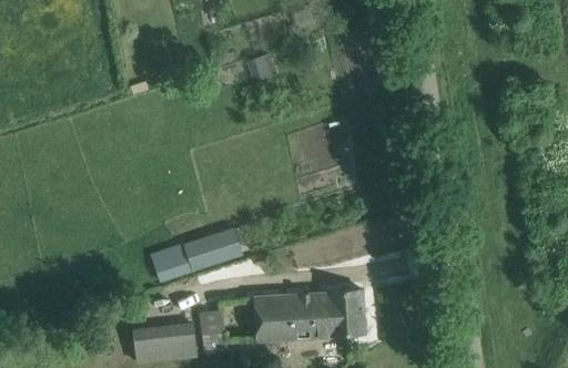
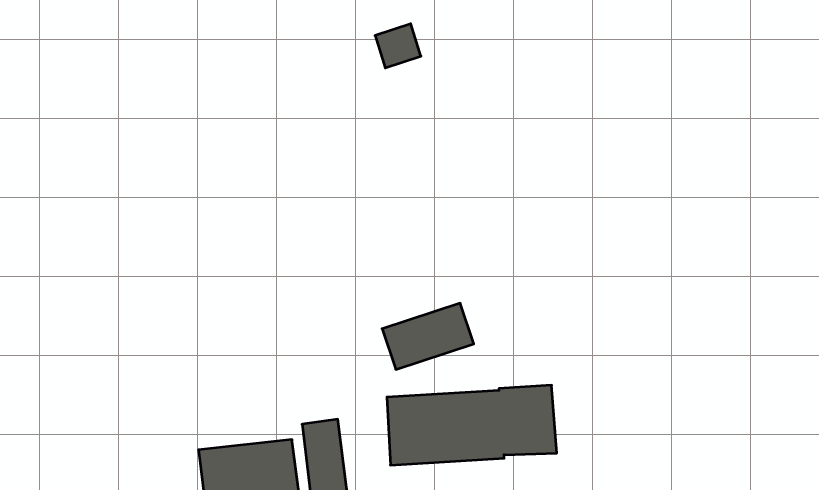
building: [183,227,243,270] -> [382,303,474,369]
building: [152,246,185,282] -> none

